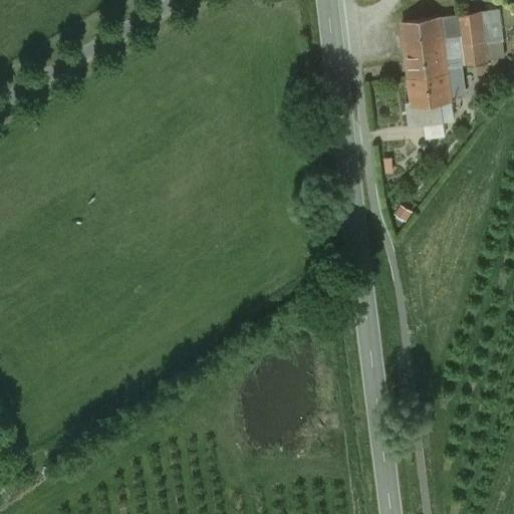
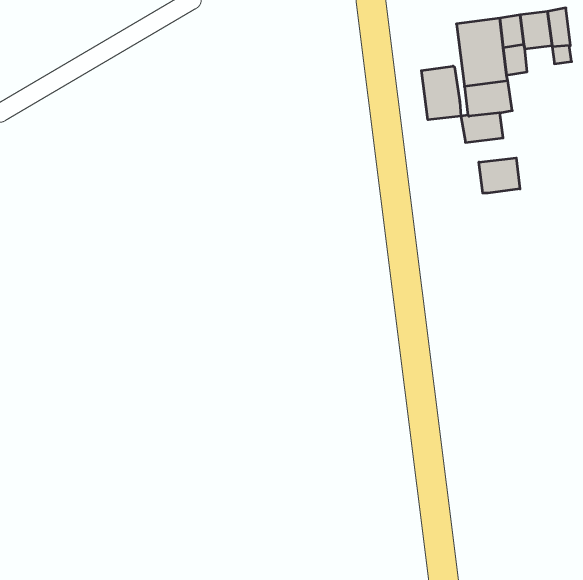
building: [462,42,488,65] -> none
building: none -> [421,66,461,120]
building: none -> [479,158,520,193]

